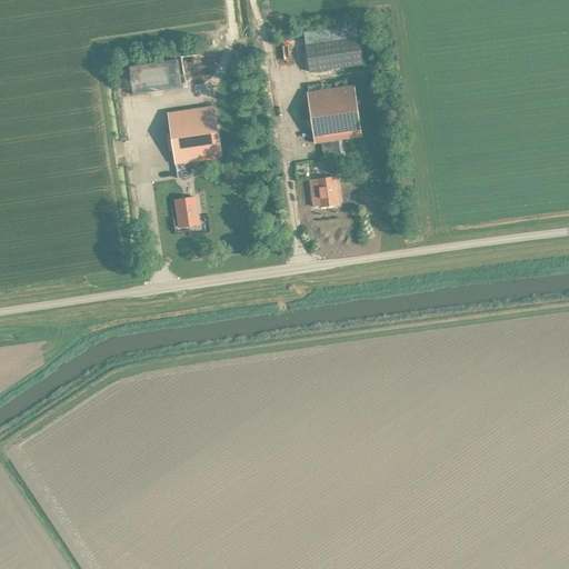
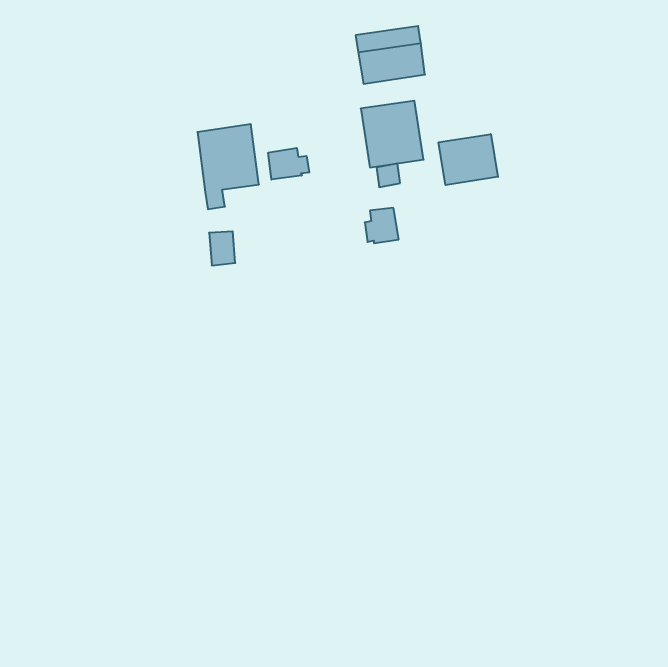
building: [128,59,180,94] -> none
building: none -> [439,134,498,185]
building: none -> [268,148,309,180]

